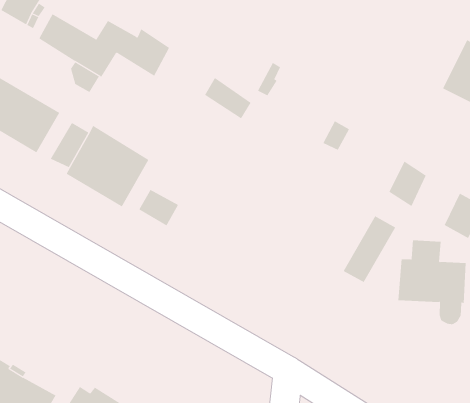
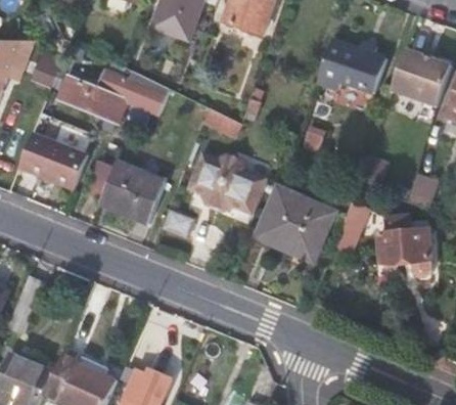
building: none -> [316,40,387,94]
building: none -> [189,154,267,211]
building: none -> [257,187,333,263]

